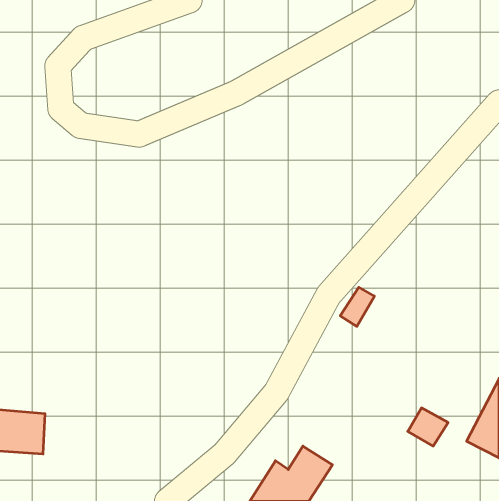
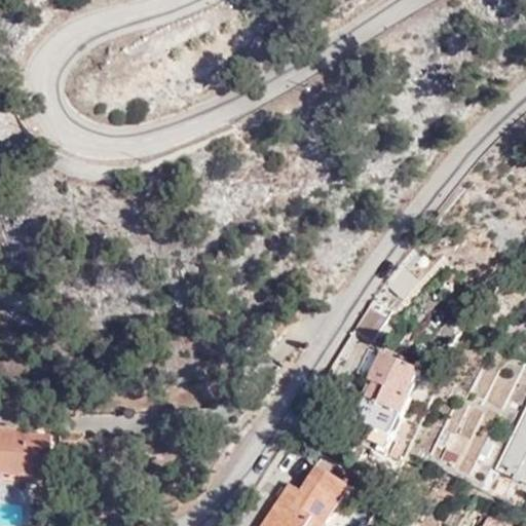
building: none -> [349,351,420,444]

